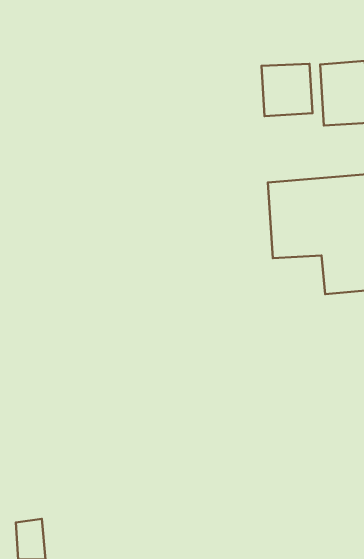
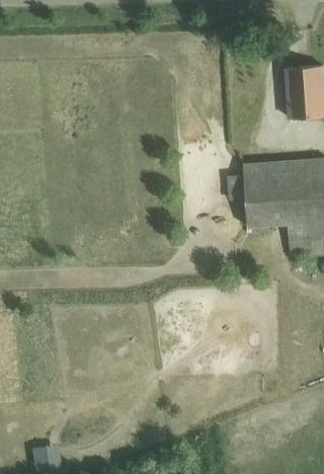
building: [261,64,312,116] -> none

